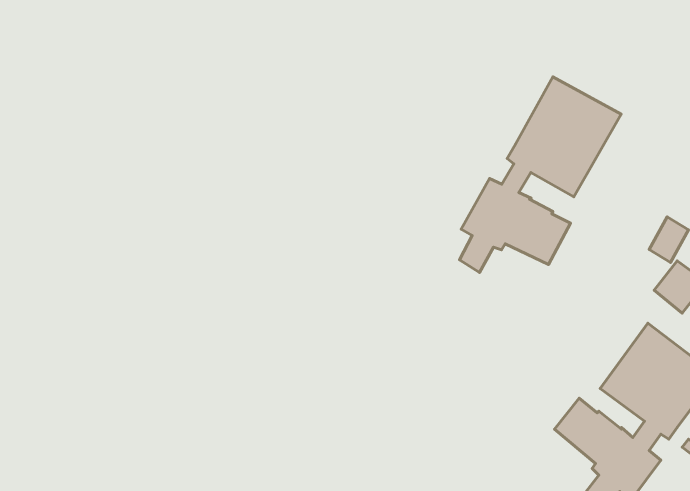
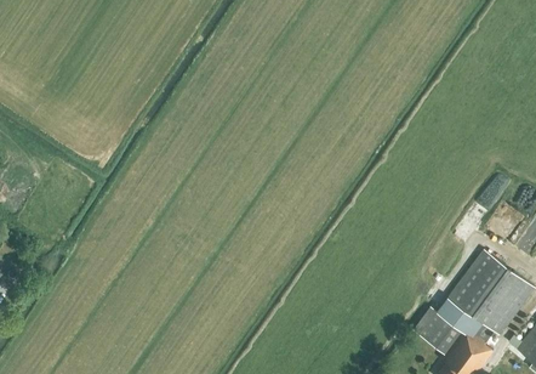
building: [460,77,621,272] -> none

